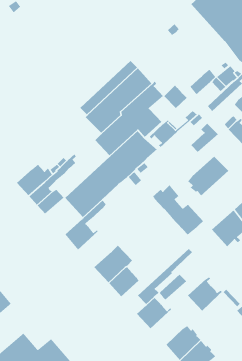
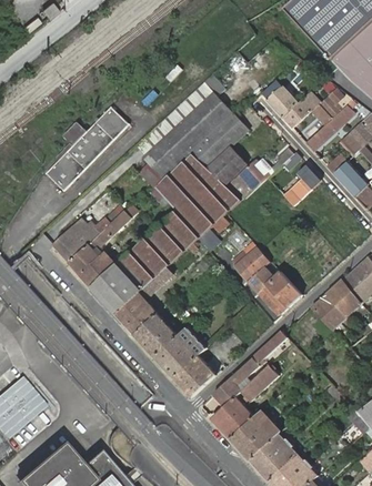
building: none -> [47,107,131,193]
building: [163,85,188,109] -> [267,85,299,118]
building: [187,156,229,196] -> none
building: none -> [91,265,141,314]
building: none -> [134,314,179,357]
building: [187,276,223,311] -> [231,414,279,460]

